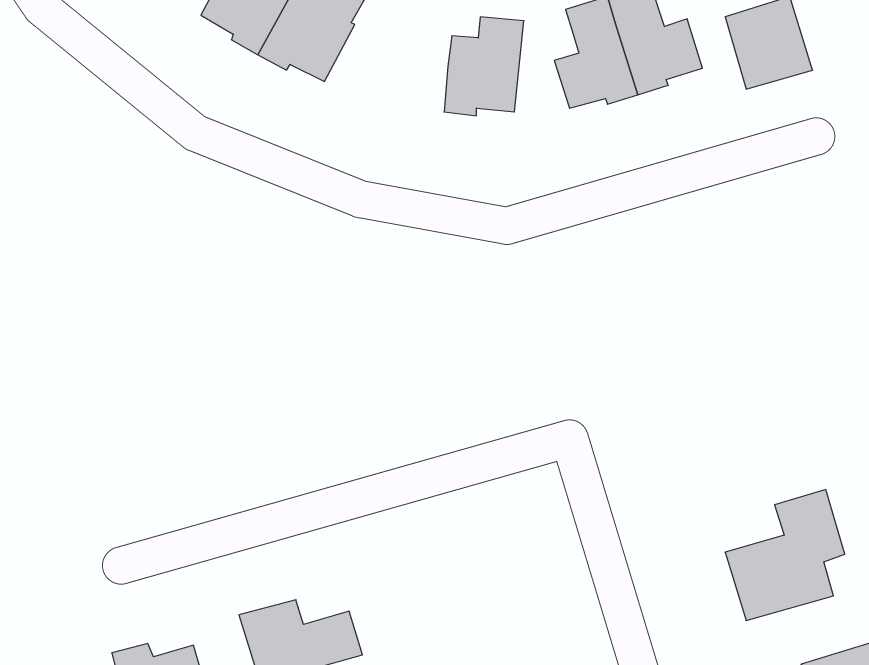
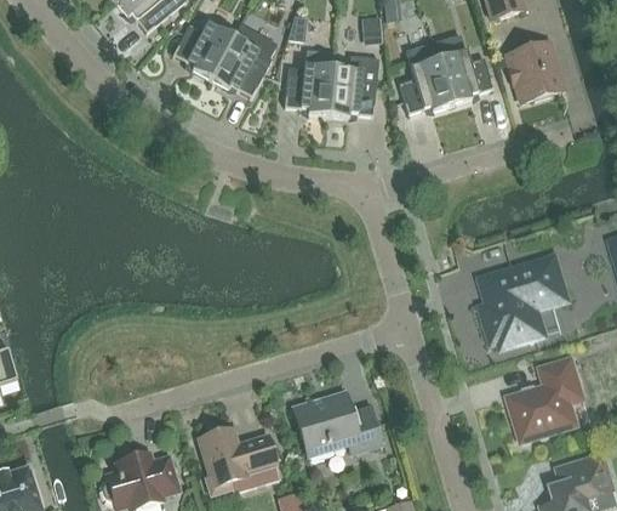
building: none -> [285,51,335,115]
building: none -> [481,256,569,341]
building: none -> [295,393,382,461]

